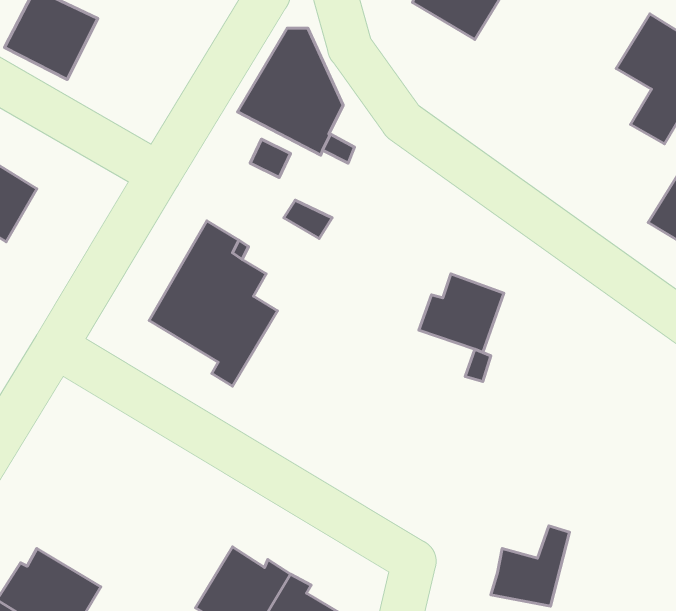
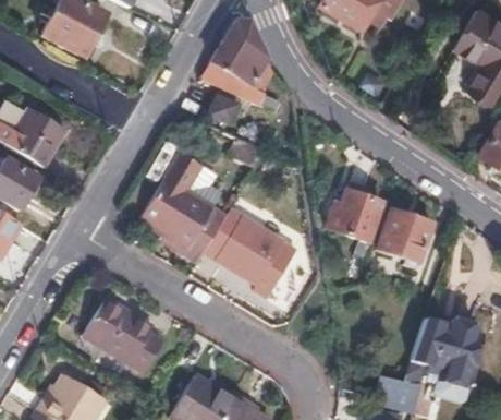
building: none -> [376,211,430,264]
building: none -> [216,216,297,300]
building: none -> [84,298,163,372]
building: none -> [412,321,479,399]

